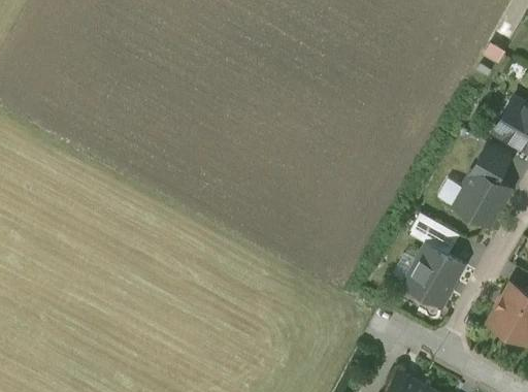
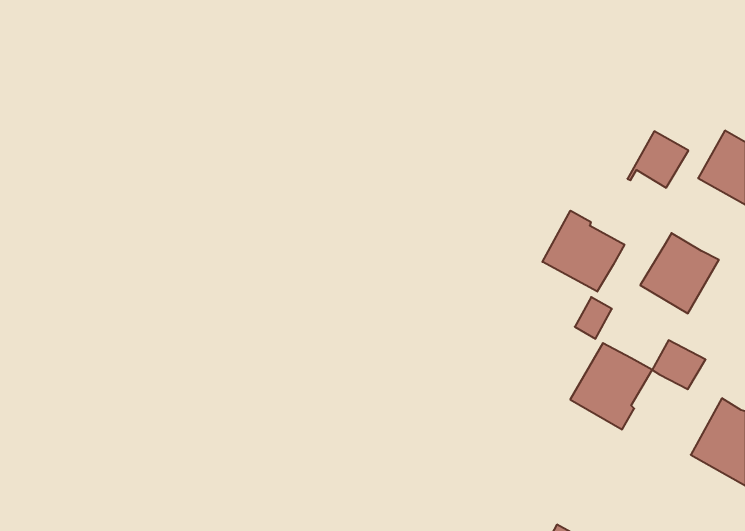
building: [469,143,512,183] -> [627,131,688,188]
building: none -> [542,211,624,292]
building: [423,223,460,257] -> [652,340,706,389]

